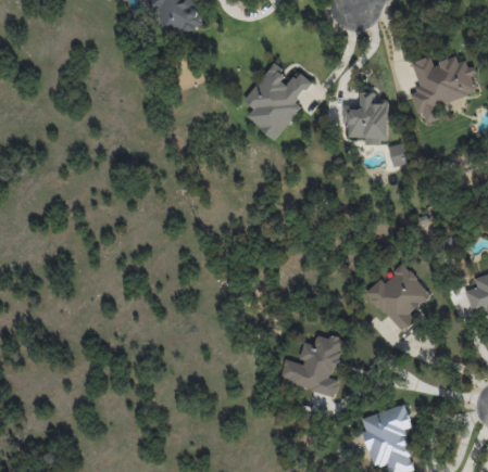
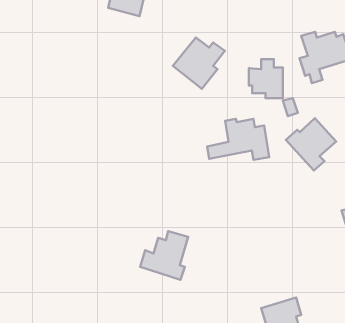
building: none -> [207,119,269,160]
building: [365,264,431,332] -> [286,118,336,170]
building: [280,333,343,397] -> [140,231,188,280]

